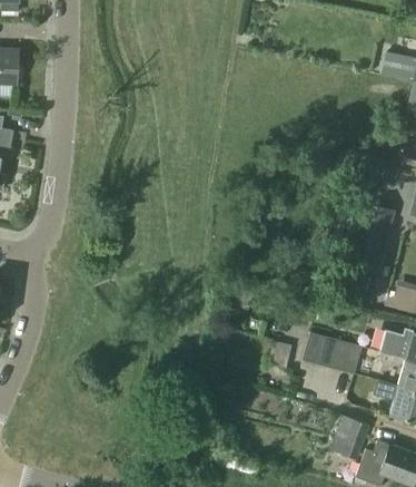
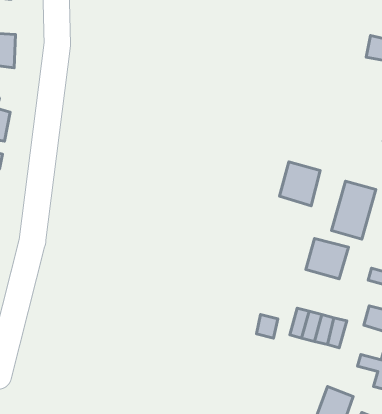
building: none -> [279,162,320,206]
building: none -> [306,239,349,279]

